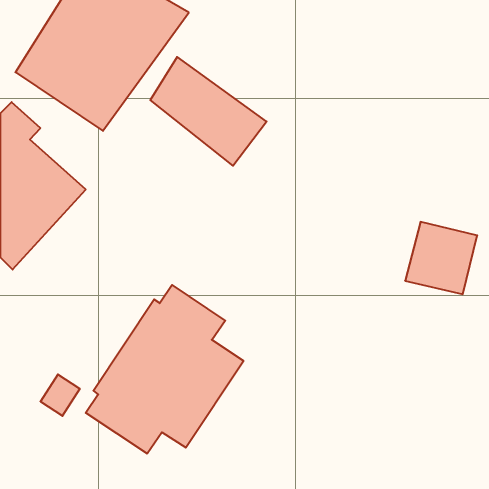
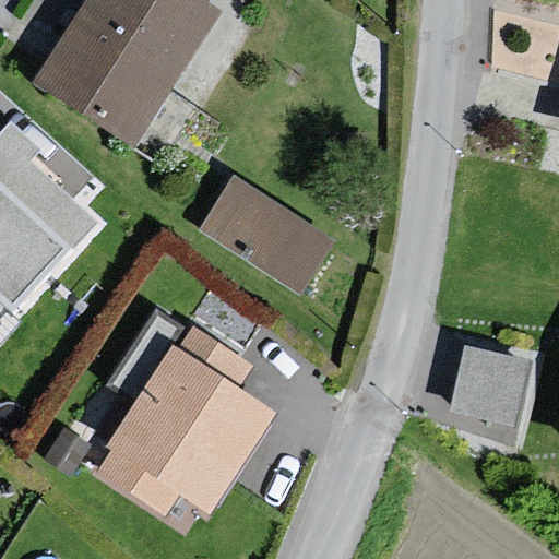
building: [150,57,267,166] -> [192,176,324,299]
building: [405,222,477,294] -> [454,341,536,423]

